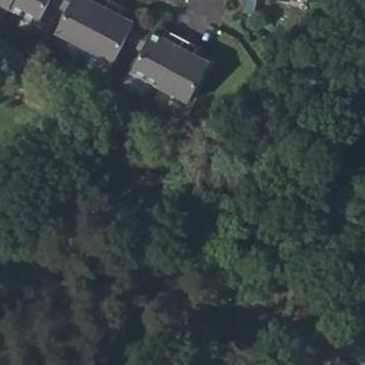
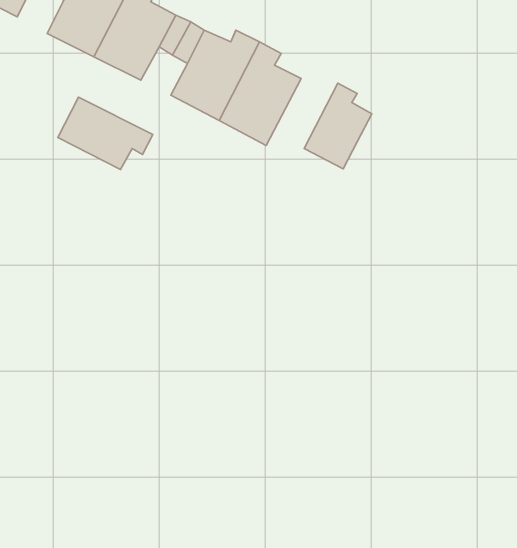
building: none -> [304,83,372,169]
building: none -> [58,97,153,170]

